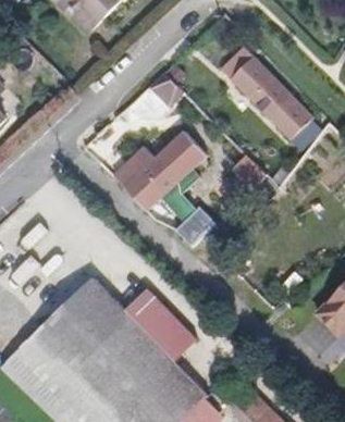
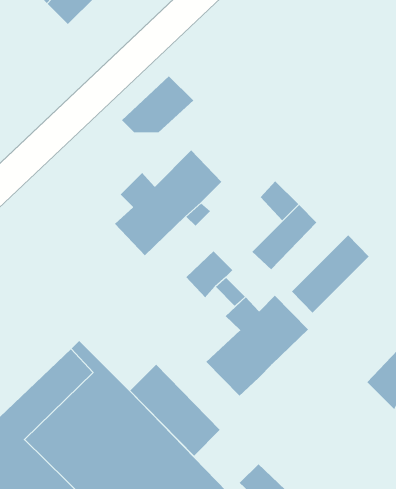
building: [220,46,313,140] -> none
building: none -> [291,235,369,313]
building: none -> [206,295,309,397]

